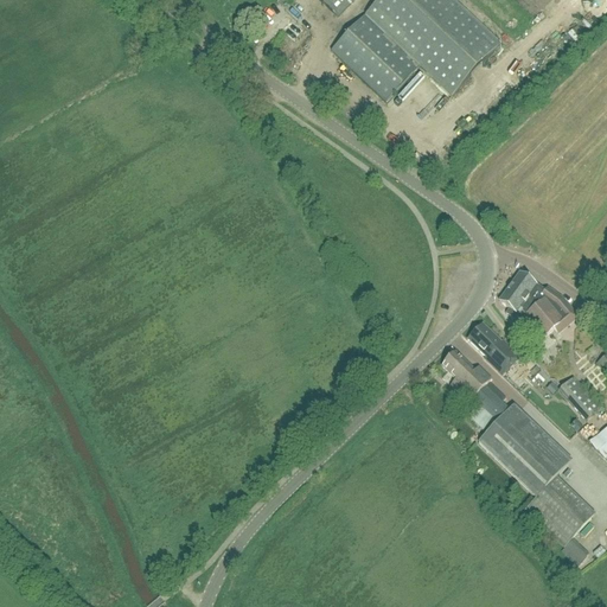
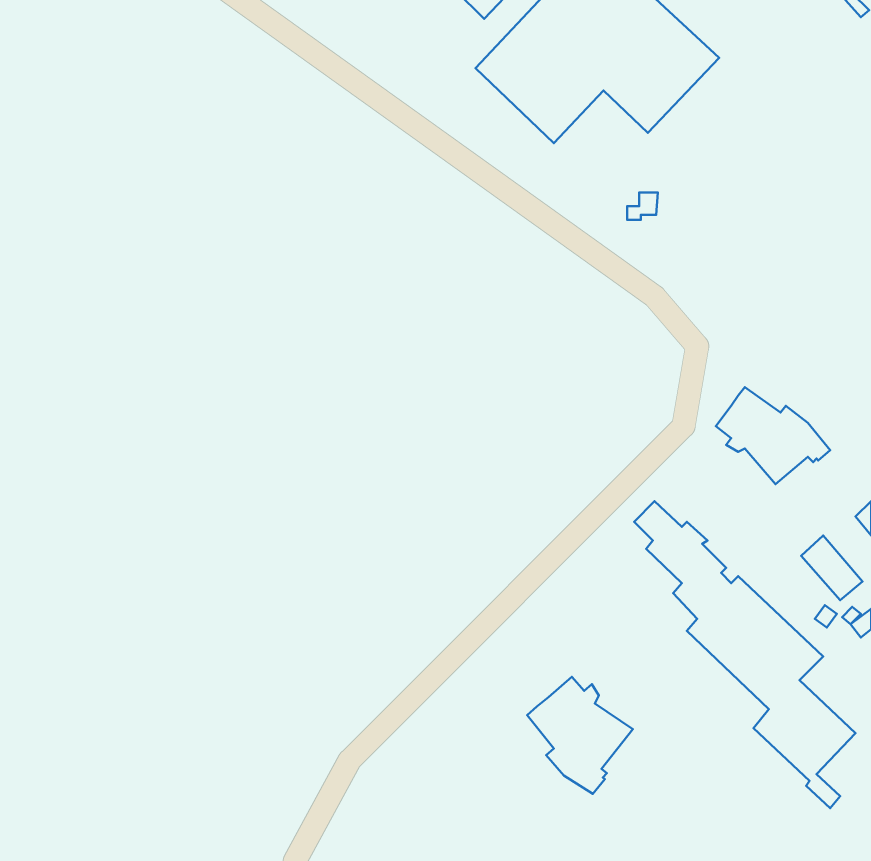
building: [467,320,519,372] -> none
building: none -> [527,677,633,794]

